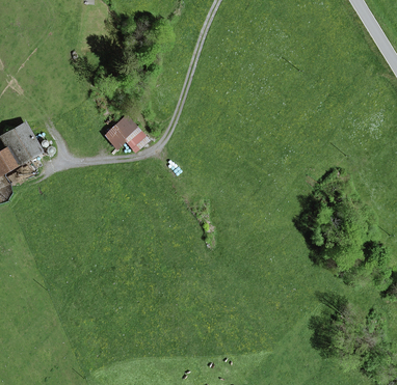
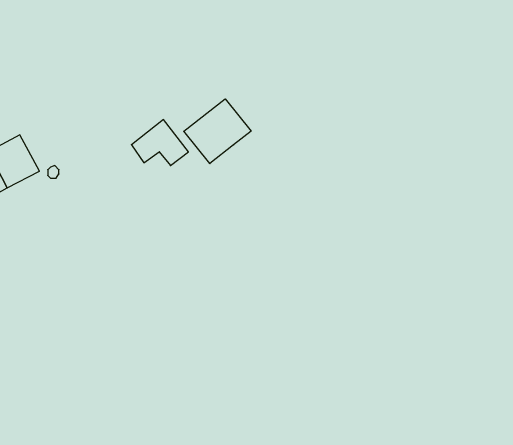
building: none -> [184,99,251,164]

